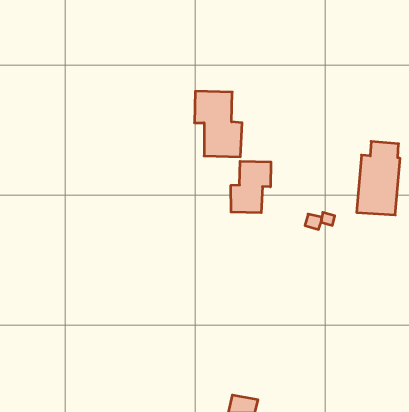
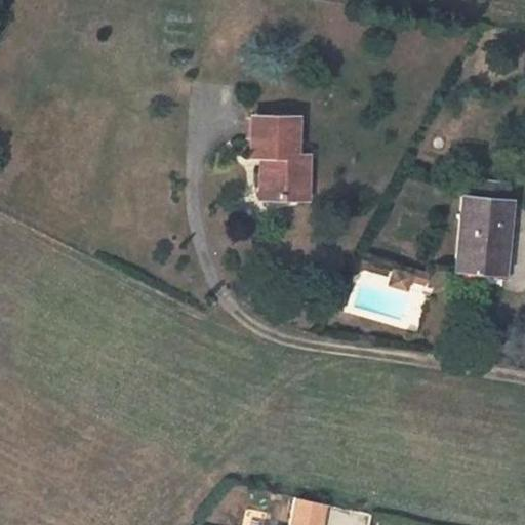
building: [231,161,271,213] -> none

